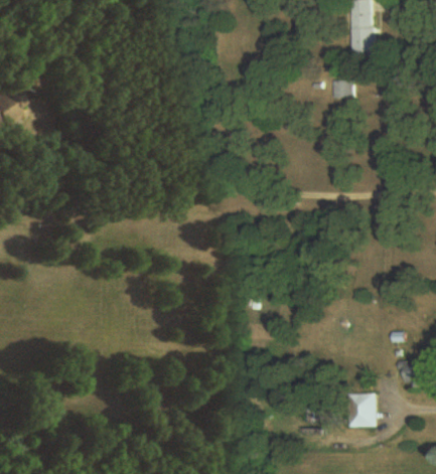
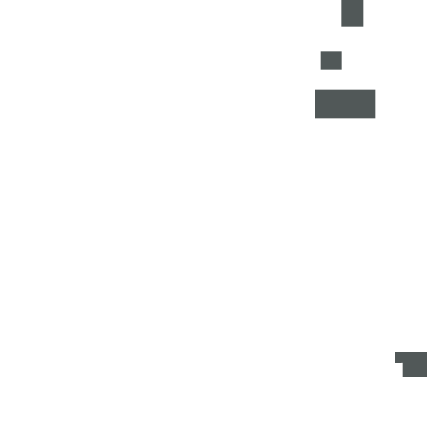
building: none -> [314,89,376,119]
building: [351,394,377,423] -> none

